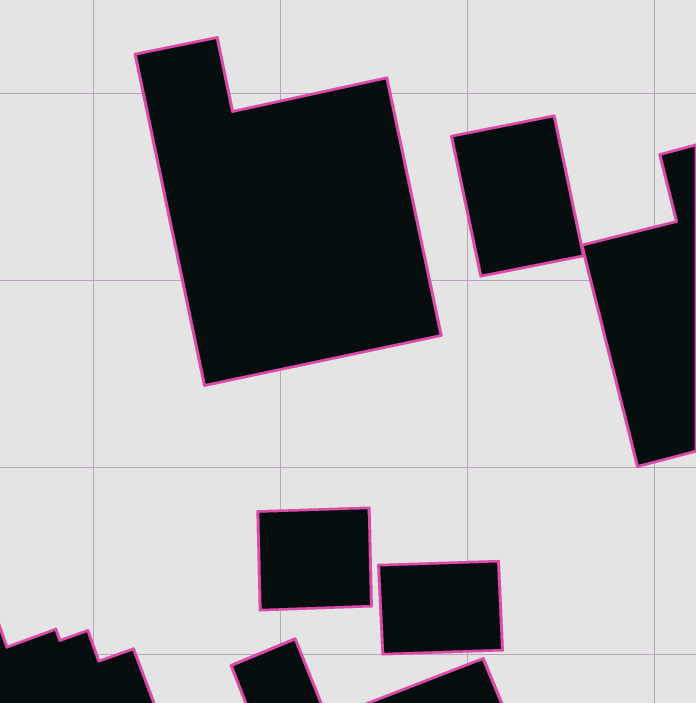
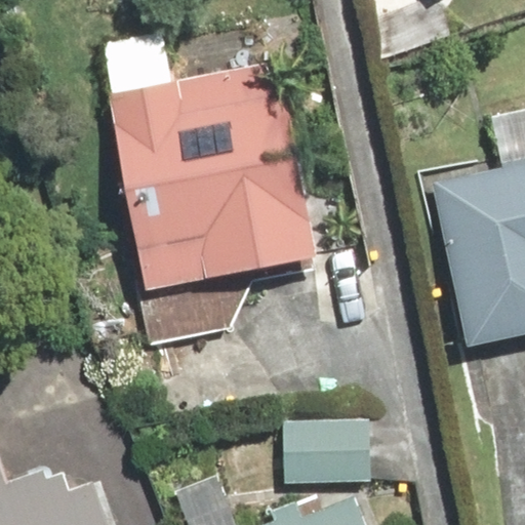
building: [451,116,584,276] -> none
building: [258,508,372,610] -> none

